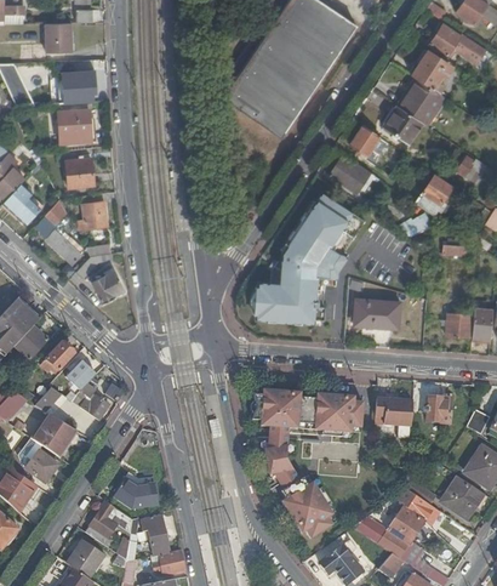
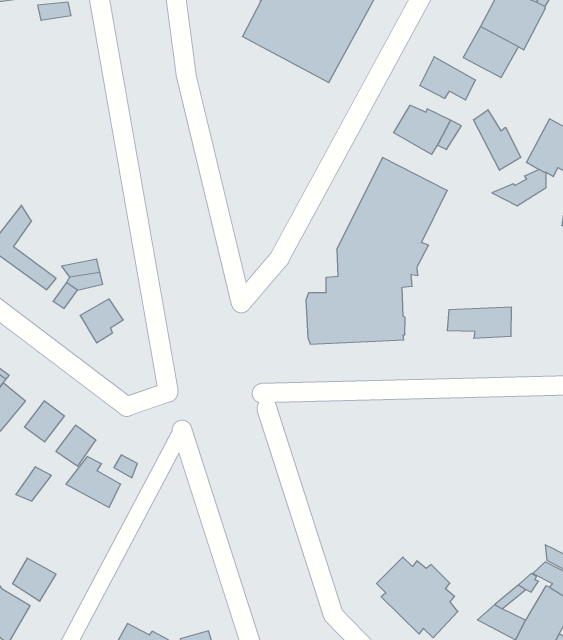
building: [61,78,92,102] -> none
building: [57,110,95,144] -> none
building: [64,158,93,188] -> none
building: none -> [473,110,521,170]
building: [78,201,105,229] -> none
building: [251,392,361,438] -> none
building: [373,398,412,426] -> none
building: [33,415,78,457] -> none
building: [263,439,297,487] -> none
building: [113,480,158,511] -> none

